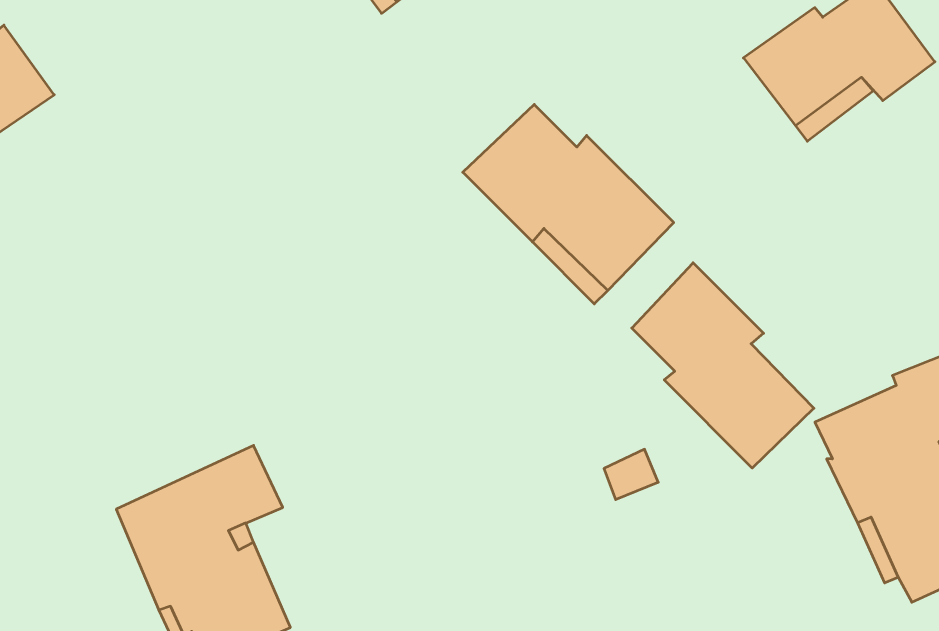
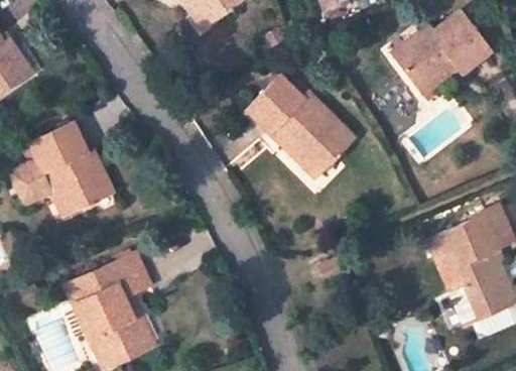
building: none -> [13,121,114,216]
building: [632,263,814,468] -> none

